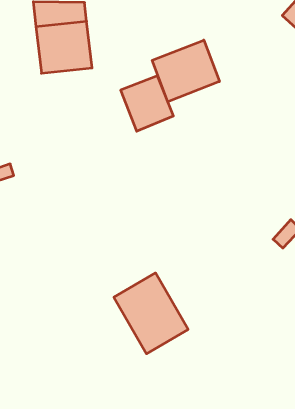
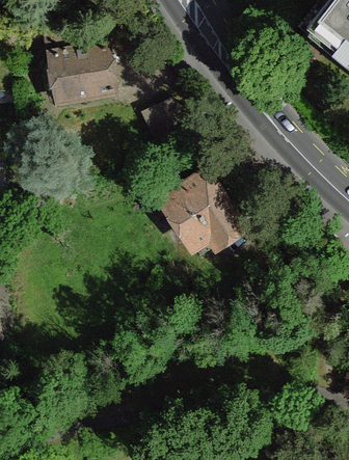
building: [152,40,219,102] -> none
building: [114,273,188,354] -> [165,174,242,256]

